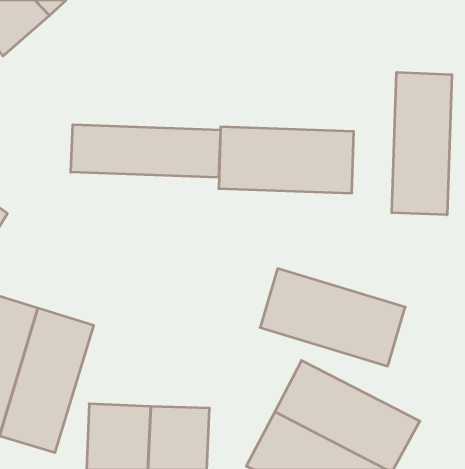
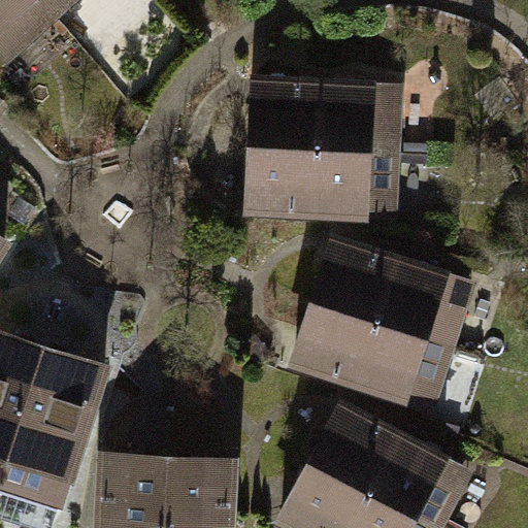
building: none -> [248,78,399,148]
building: [392,72,452,215] -> none
building: [71,125,220,177] -> none
building: none -> [311,239,473,345]

